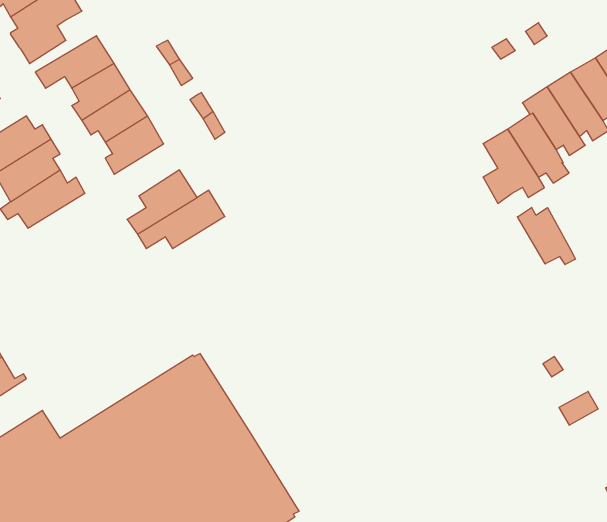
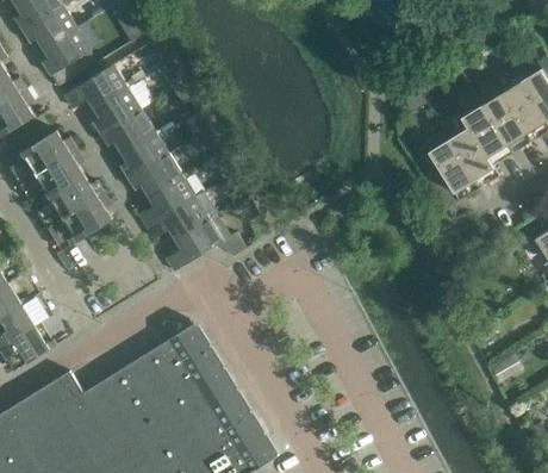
building: none -> [126,153,180,195]
building: none -> [56,193,111,244]
building: [517,207,575,265] -> none
building: none -> [164,213,244,272]

